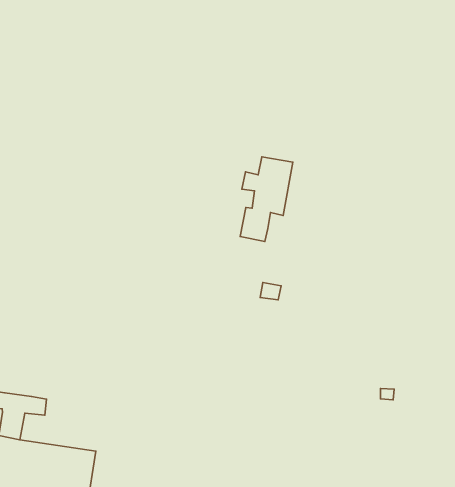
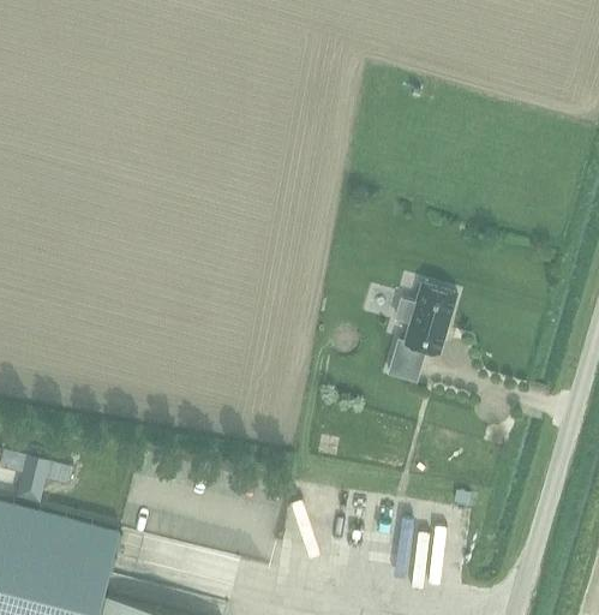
building: [240,157,293,241] -> [387,286,455,383]

